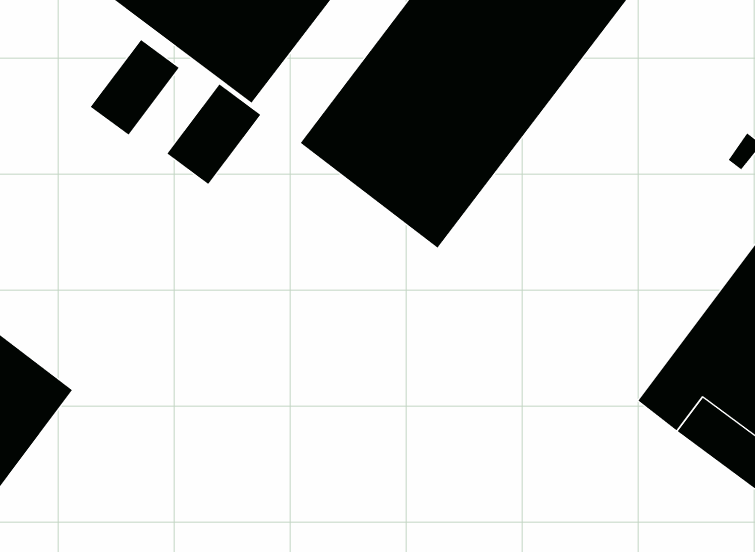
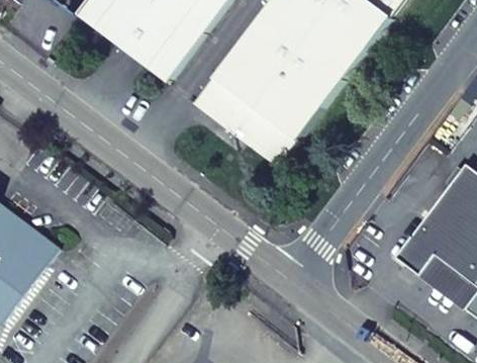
building: [90,39,180,136] -> none
building: [167,83,261,185] -> none

